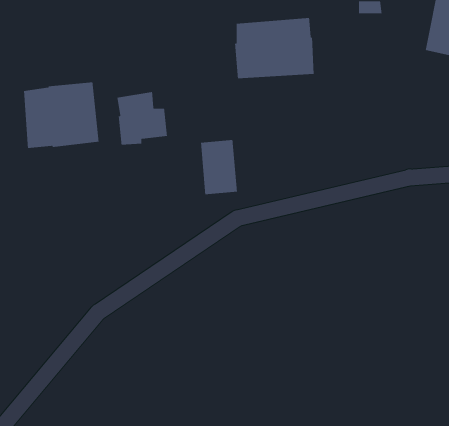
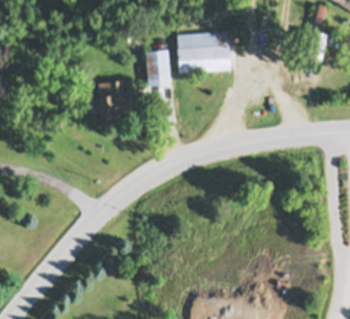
building: [23,82,100,149] -> none
building: [200,139,238,195] -> [146,50,171,88]

